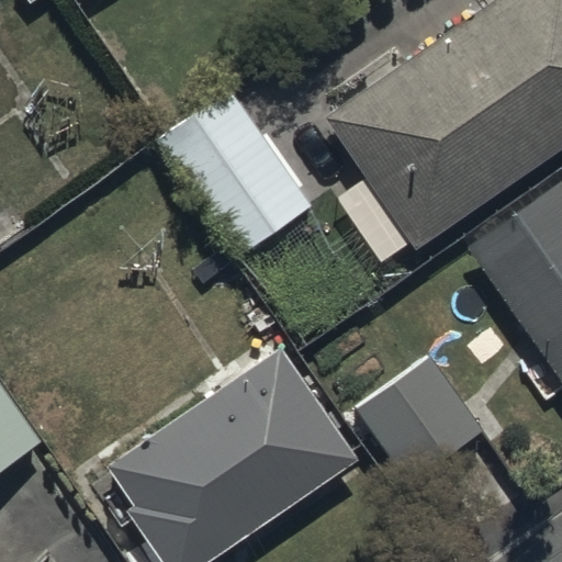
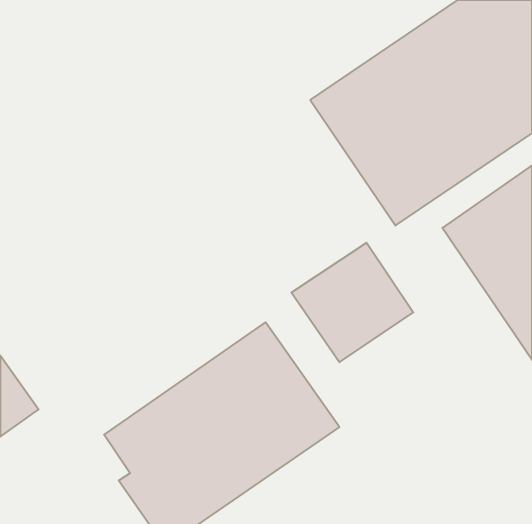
building: [162,98,315,262] -> none
building: [353,358,482,484] -> [291,243,413,362]

